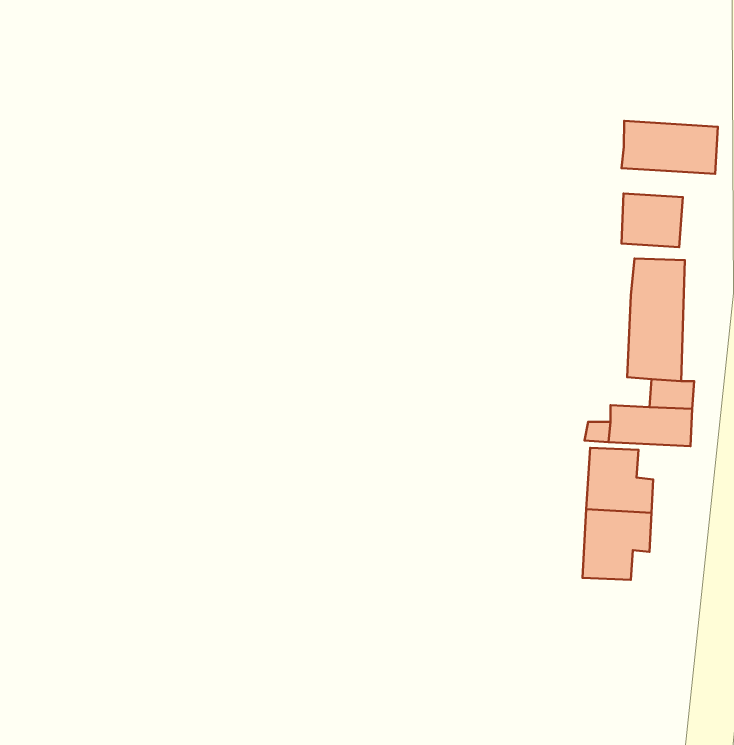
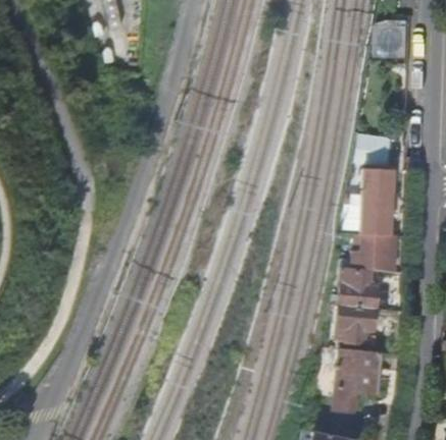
building: [621,121,718,174] -> none
building: none -> [335,350,379,411]

